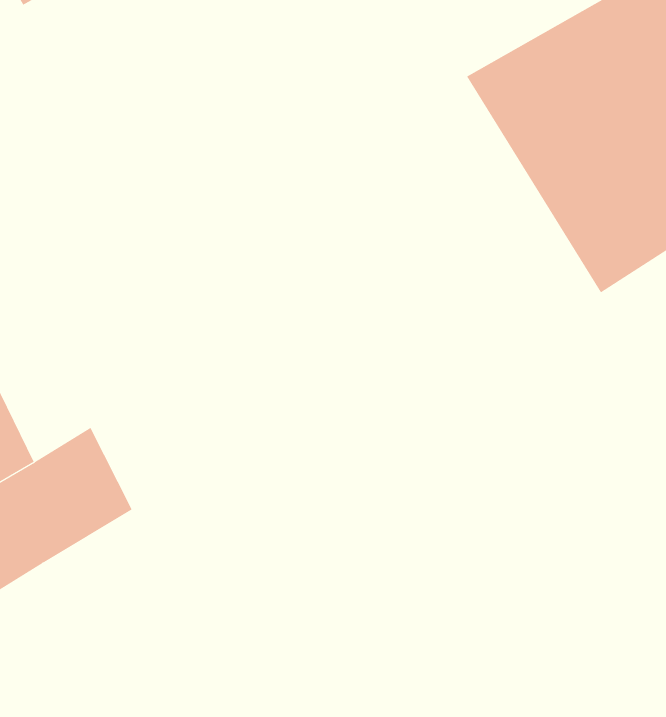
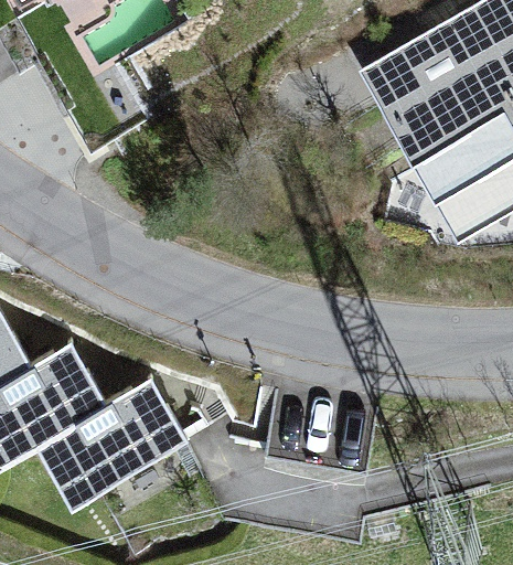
building: none -> [34,376,184,508]

